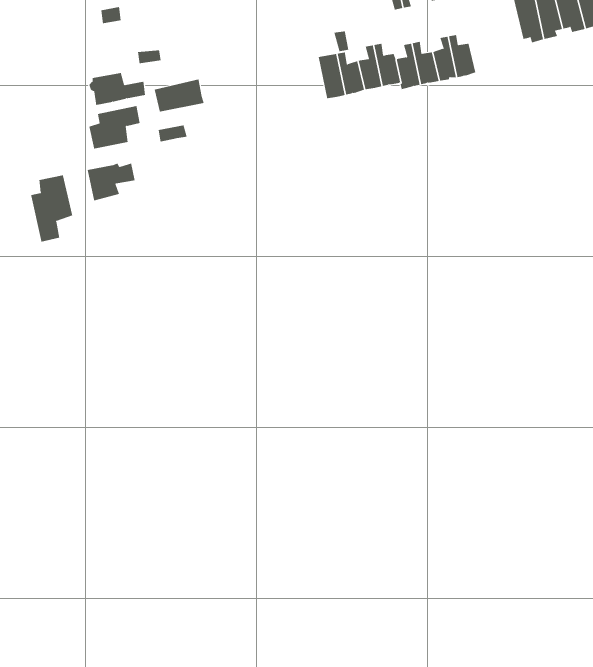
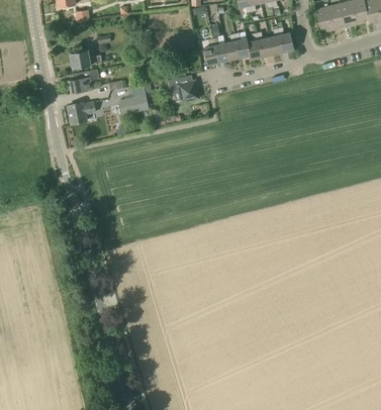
building: [154,79,204,112] -> [119,95,149,114]
building: none -> [168,75,199,100]
building: [30,175,73,243] -> none

